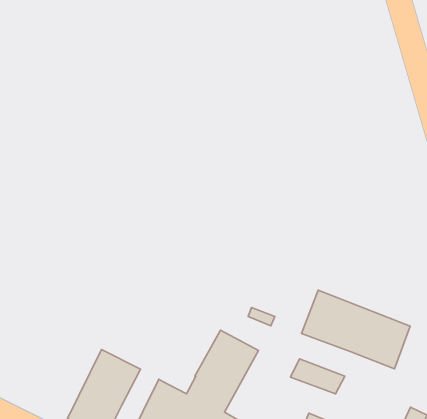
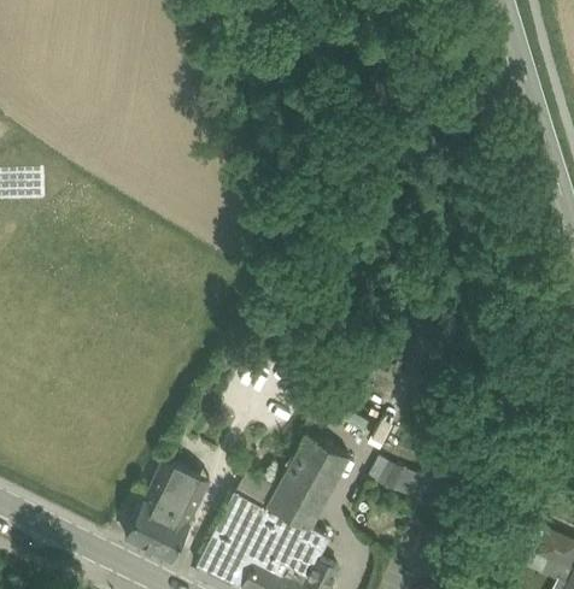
building: [302,290,410,369] -> none

